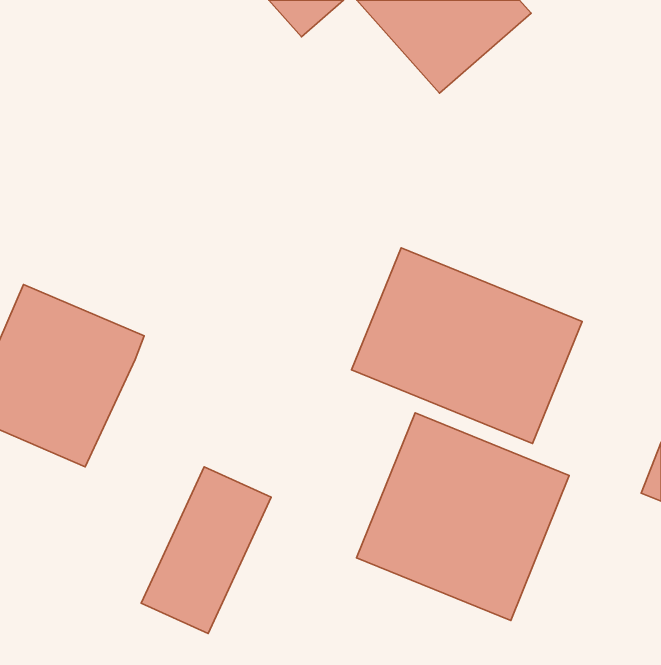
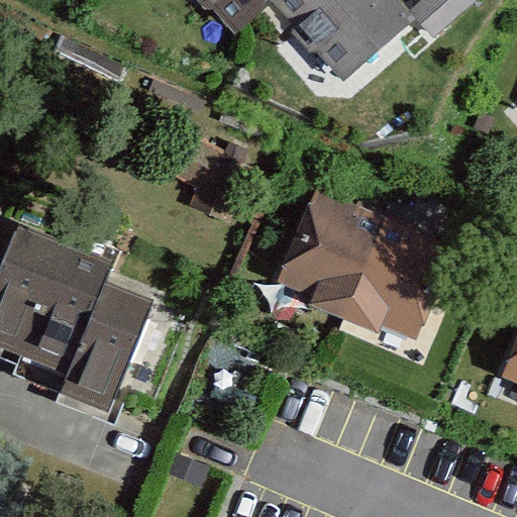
building: [357,413,569,620] -> none
building: [141,467,271,633] -> [56,281,156,409]

